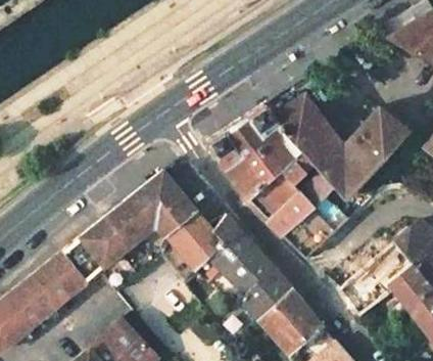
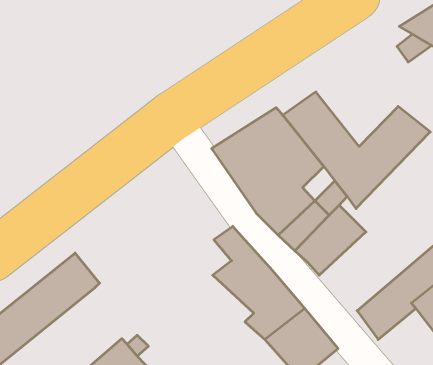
building: [81,173,225,292] -> none

